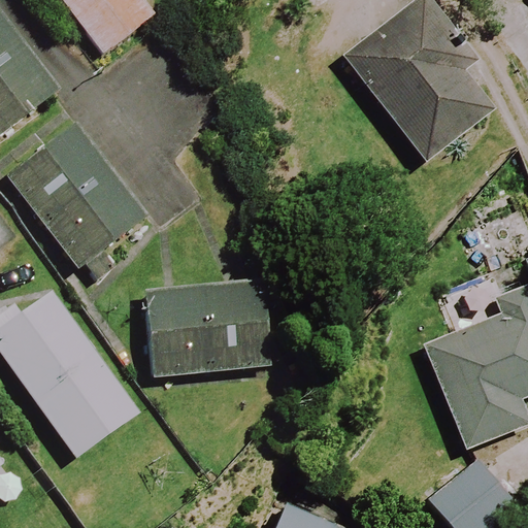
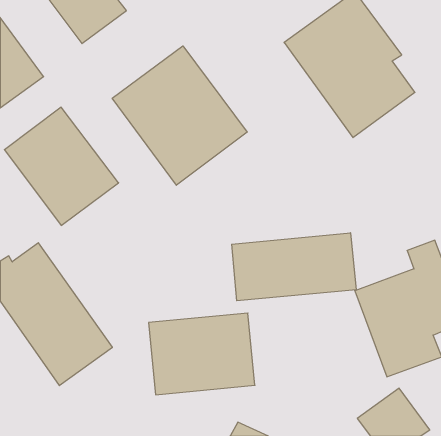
building: none -> [112,46,247,185]
building: none -> [232,233,356,301]
building: [143,280,269,377] -> [149,313,255,395]

